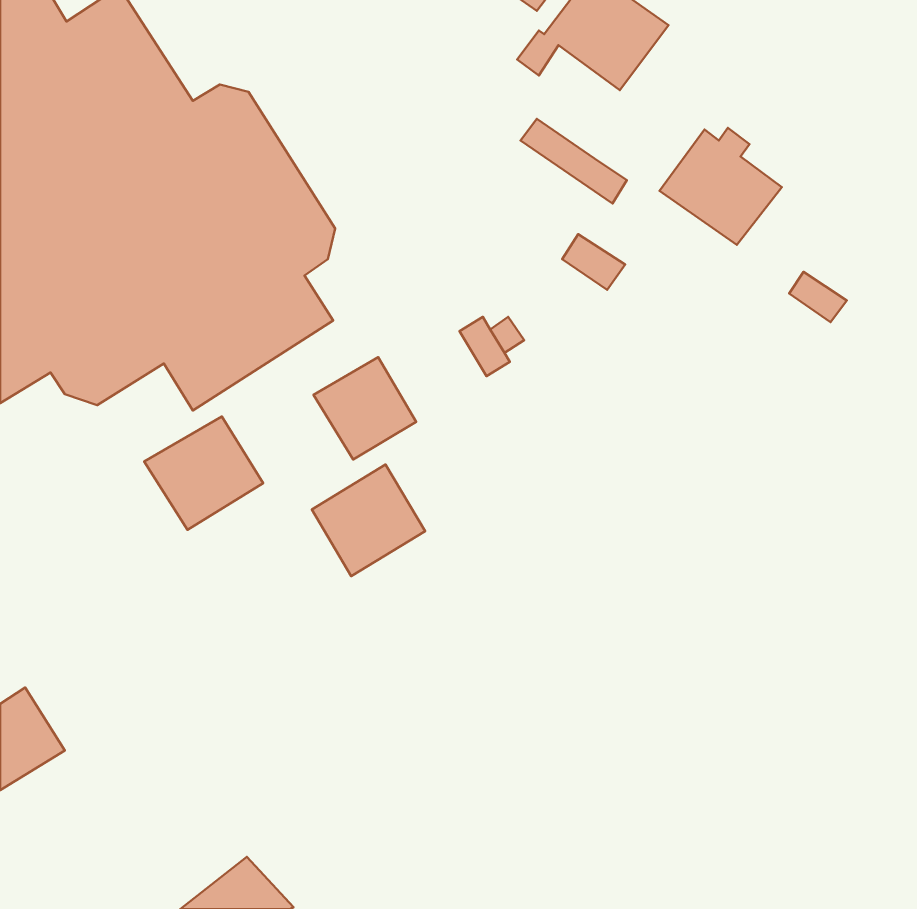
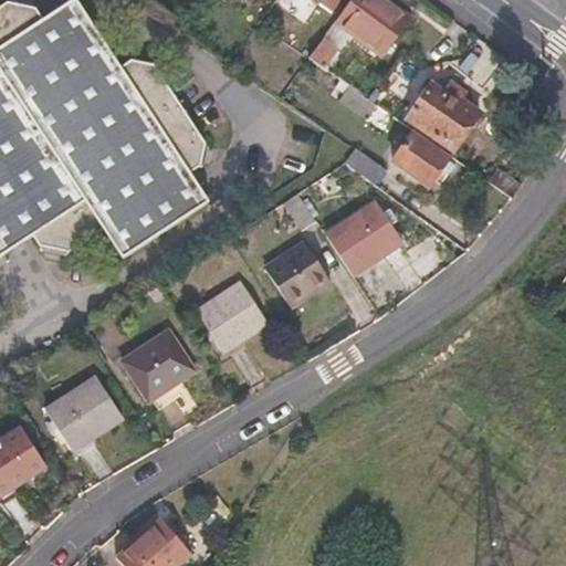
building: none -> [392,140,446,190]
building: none -> [325,206,398,275]
building: [313,357,416,460] -> [264,244,327,307]
building: [144,416,263,530] -> [119,333,192,402]
building: none -> [41,376,118,448]

